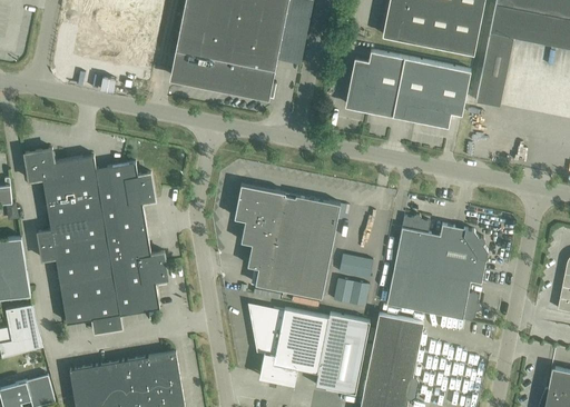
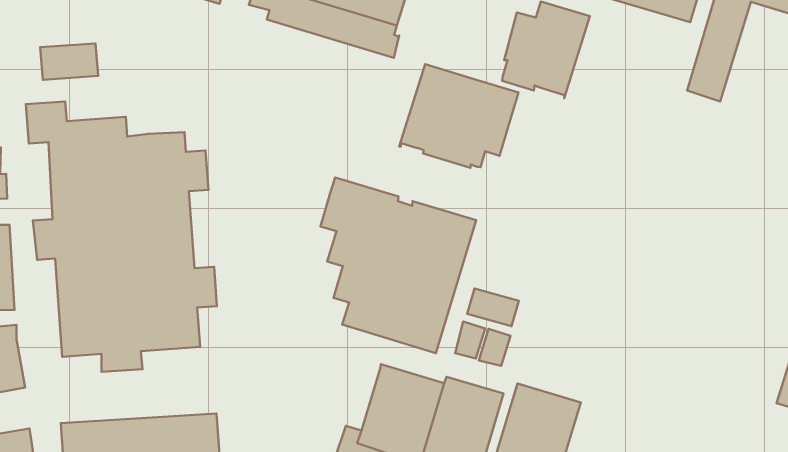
building: [392,58,470,126] -> [399,64,518,168]
building: none -> [40,43,98,80]
building: [386,216,488,322] -> none
building: [248,305,284,356] -> none

